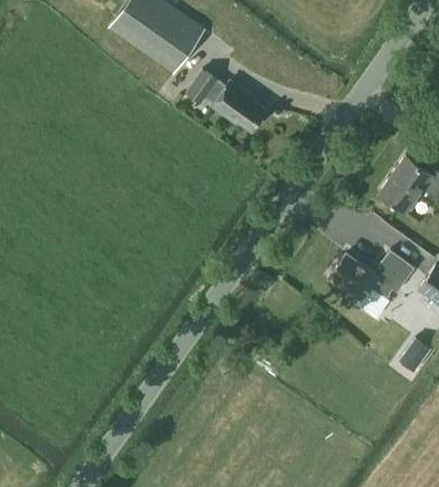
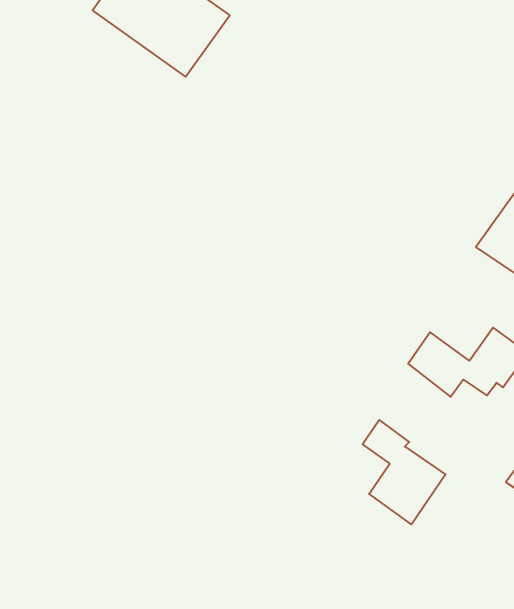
building: [187,71,266,132] -> none
building: none -> [363,420,446,524]

